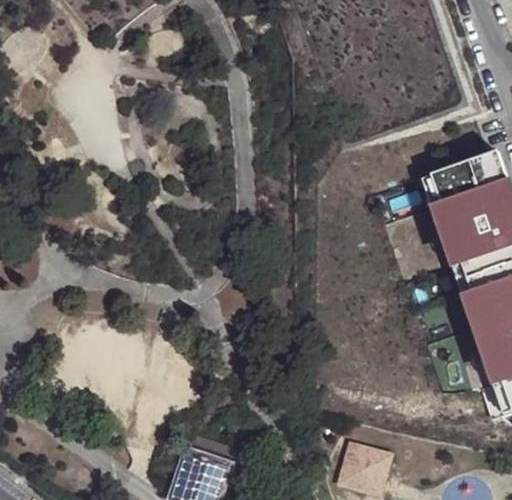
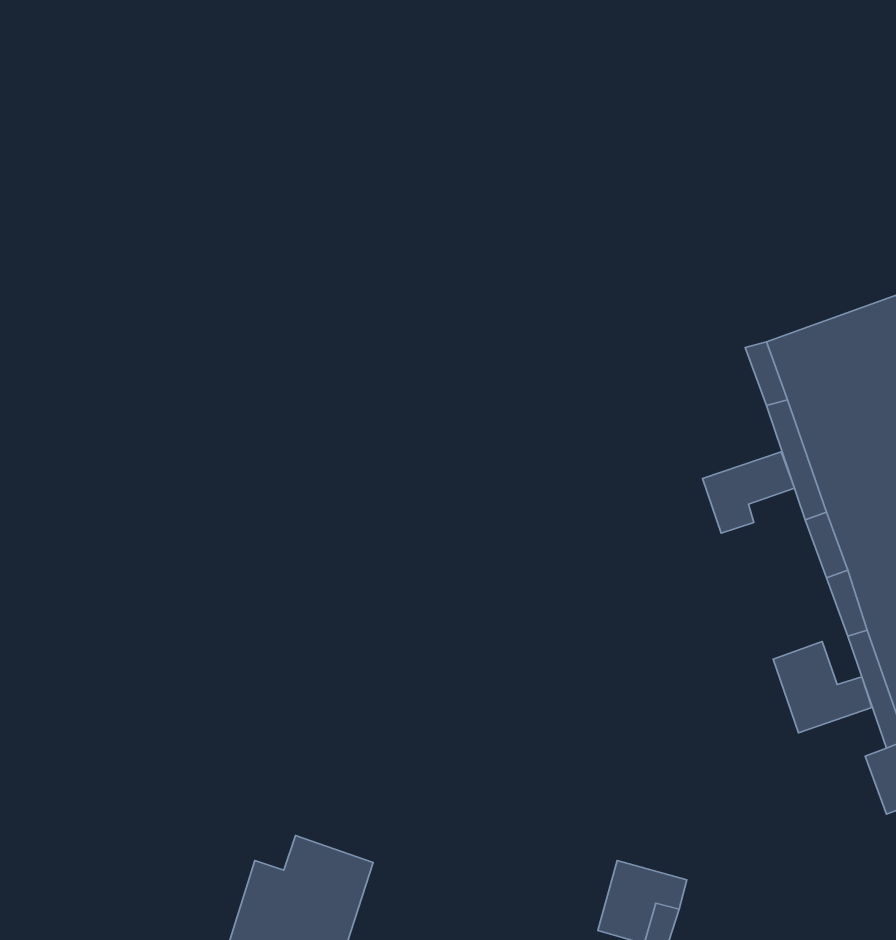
building: none -> [703,452,794,533]
building: none -> [773,642,872,733]

